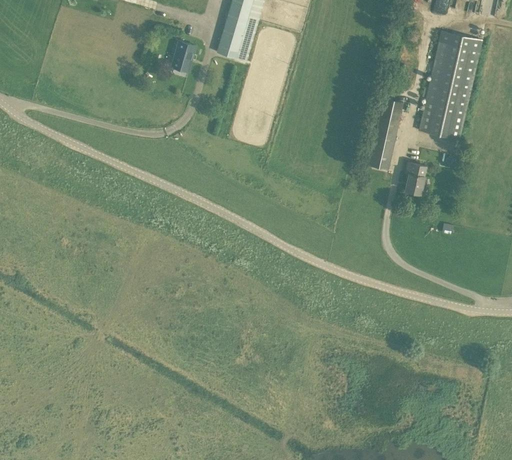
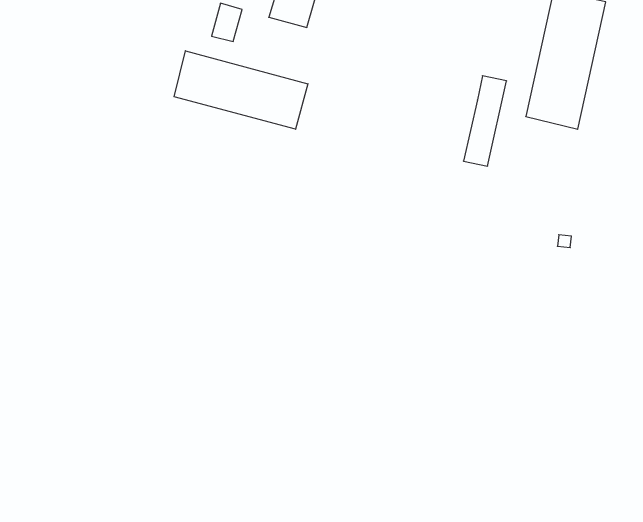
building: none -> [174,51,308,129]
building: [405,163,426,195] -> none

